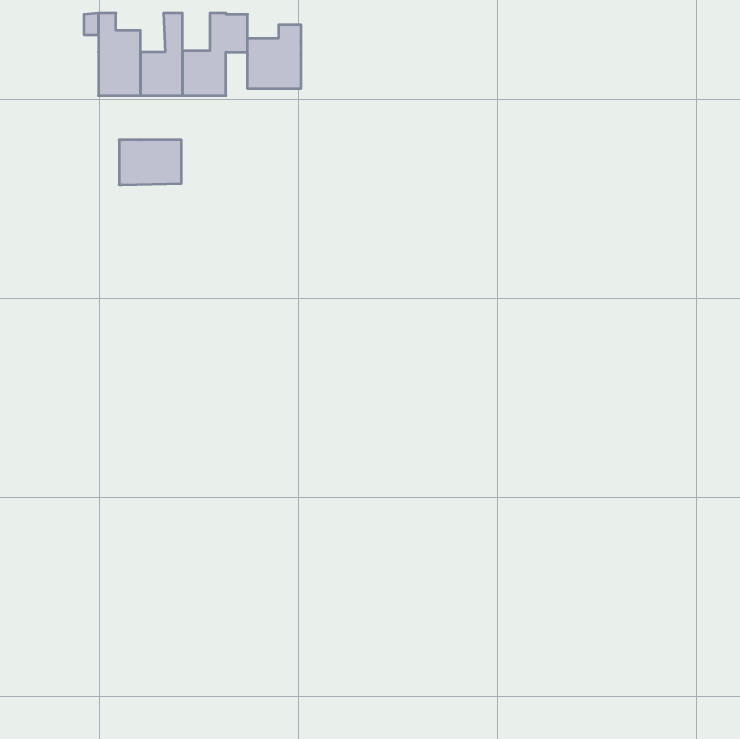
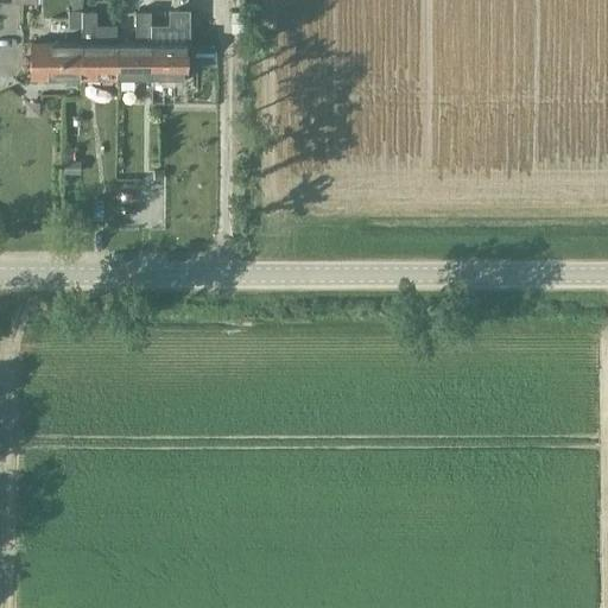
building: [248,25,301,89] -> none
building: [119,140,181,185] -> [30,44,81,81]

